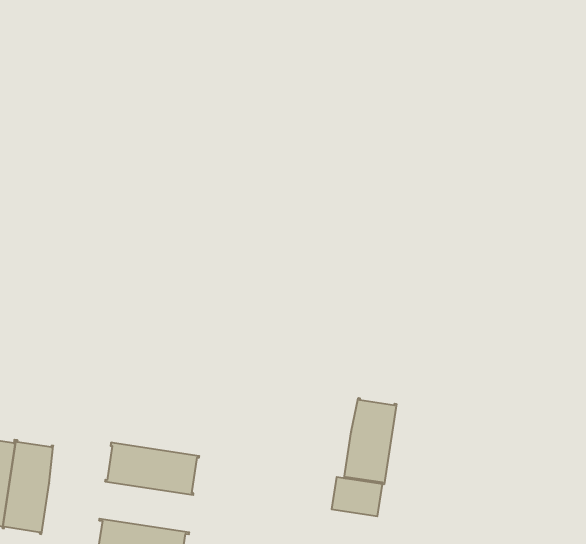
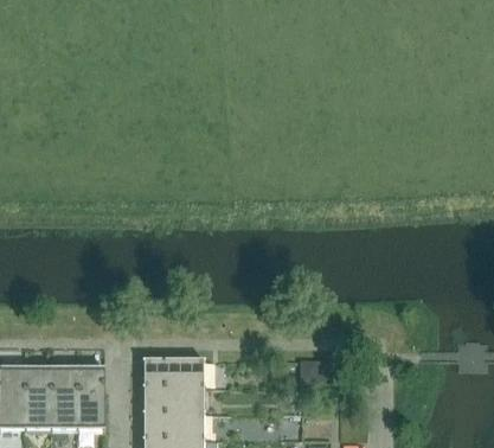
building: [344,398,396,484] -> none
building: none -> [143,386,205,412]

